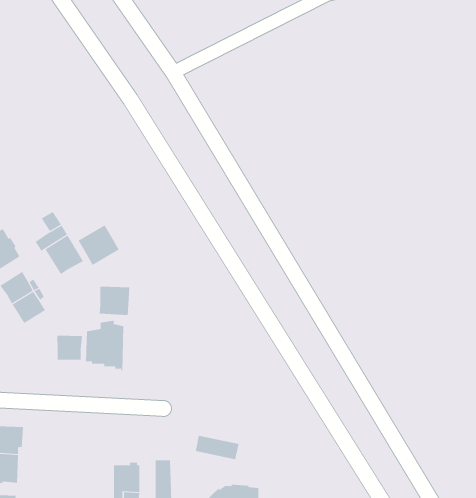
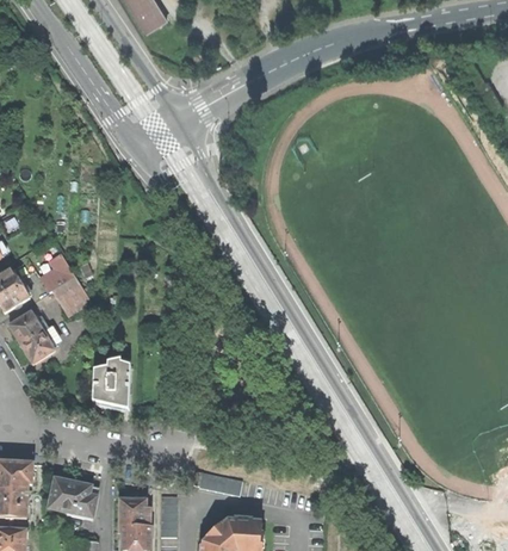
building: [78,224,119,266] -> none
building: [99,286,130,316] -> none
building: [57,335,82,360] -> none
building: none -> [49,478,98,516]

